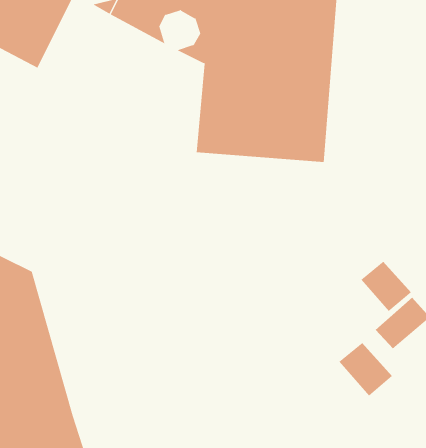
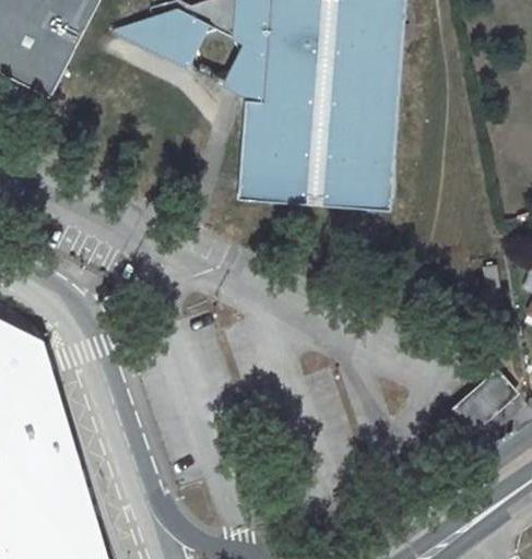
building: [361,261,412,312] -> none
building: [339,342,393,396] -> none

